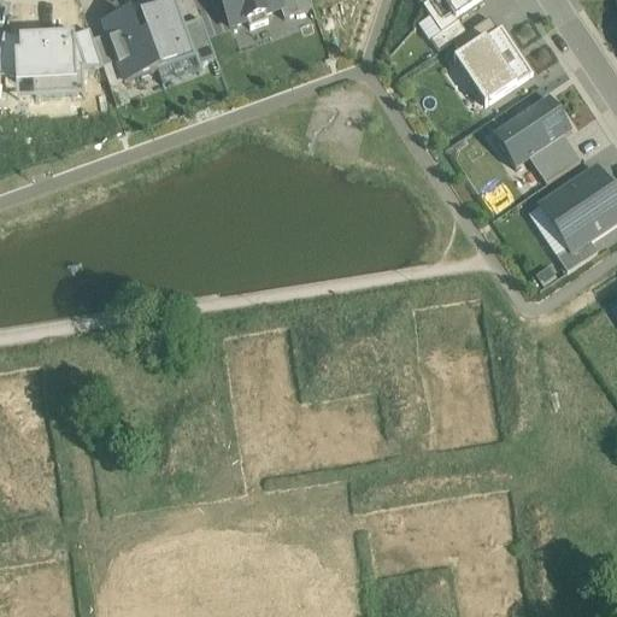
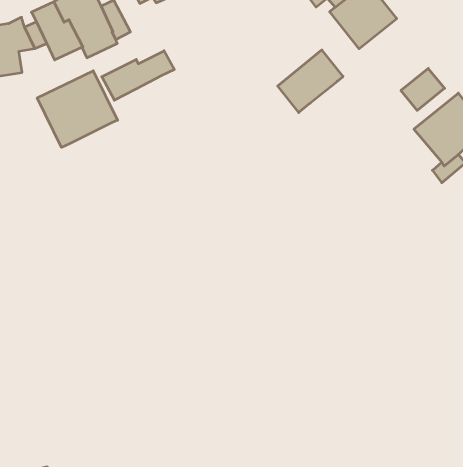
building: none -> [102,51,174,100]
building: [490,93,569,164] -> [278,50,343,113]
building: none -> [37,71,118,147]

